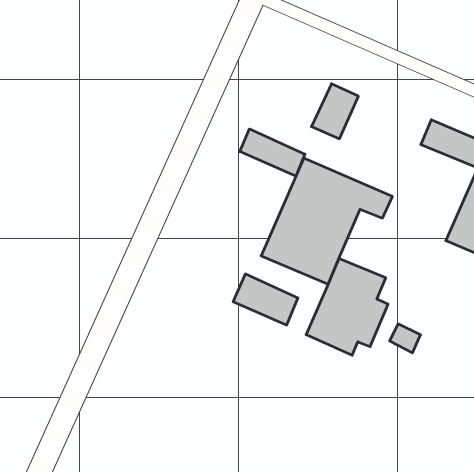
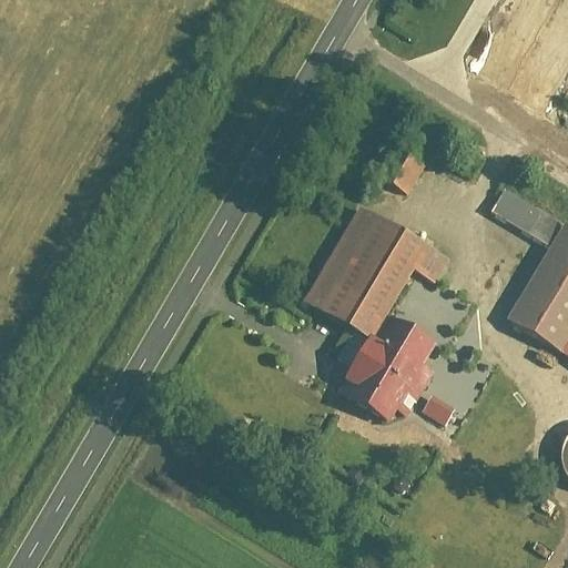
building: [240,129,305,176] -> none
building: [233,274,298,325] -> none

